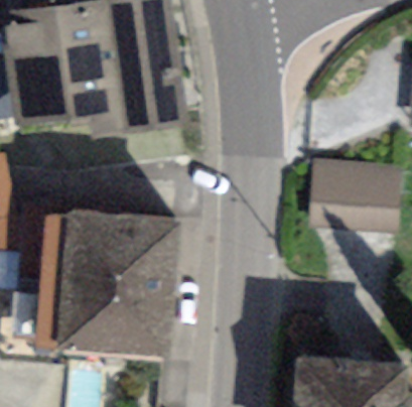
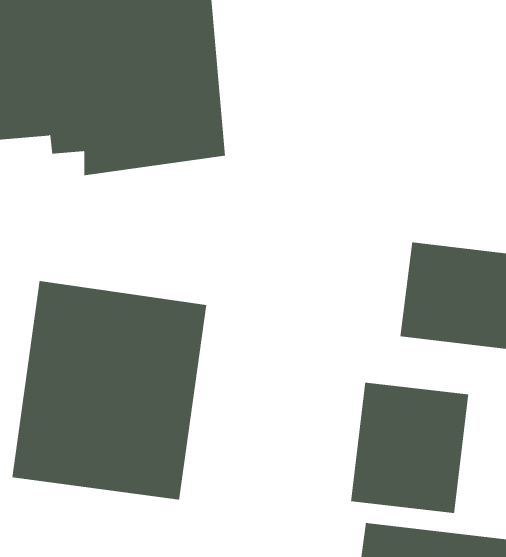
building: none -> [351,382,469,514]

